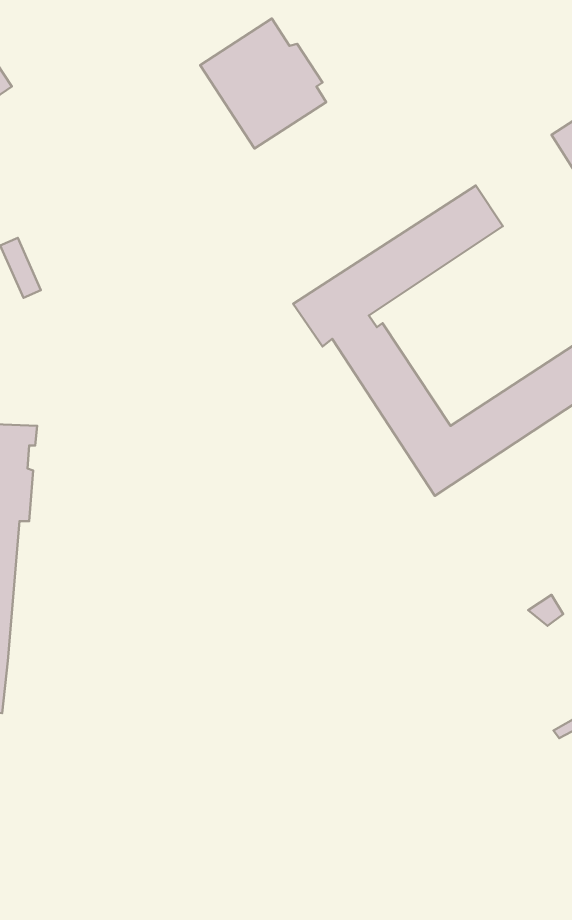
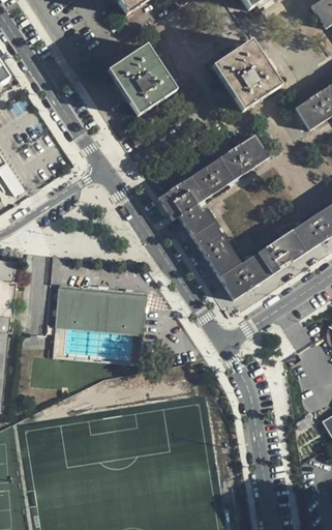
building: none -> [212,40,280,110]
building: none -> [56,284,147,333]

